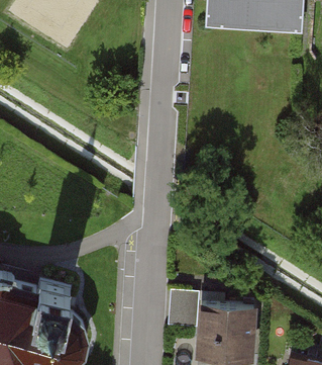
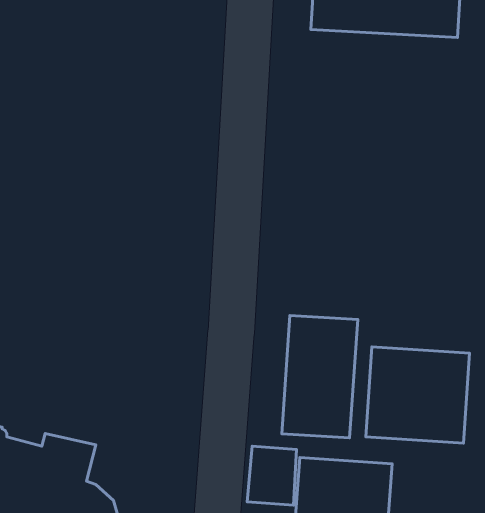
building: none -> [282,316,358,438]
building: none -> [366,347,470,443]

